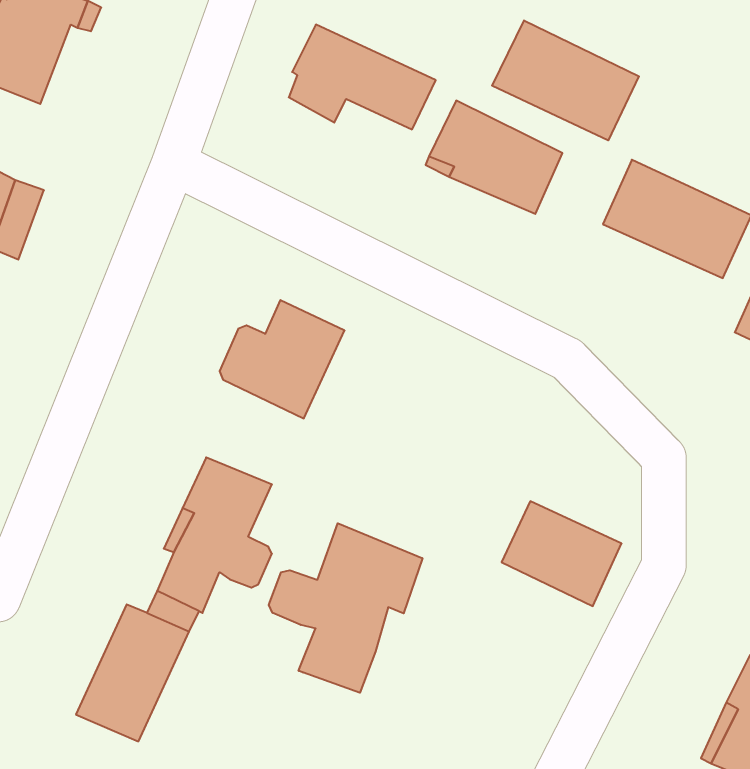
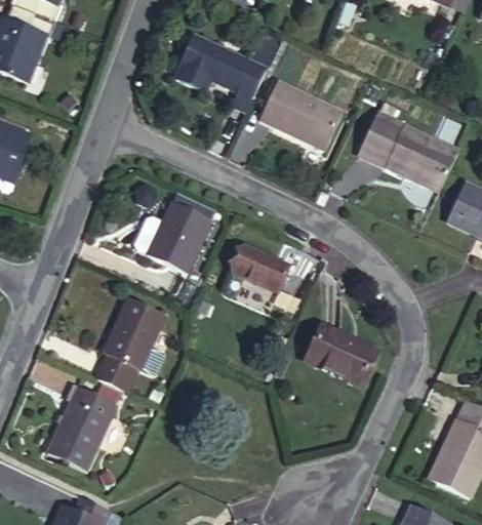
building: [492,20,639,140] -> none
building: none -> [231,244,289,291]
building: [269,523,422,693] -> none

